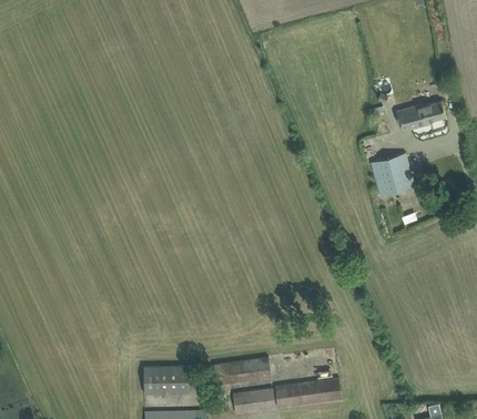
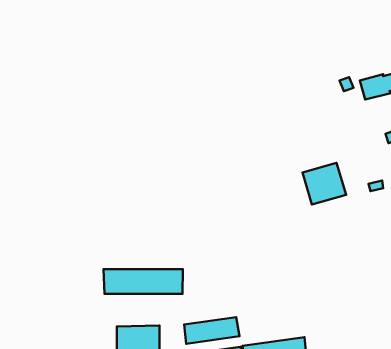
building: [369,153,415,196] -> [302,163,346,204]
building: none -> [104,269,183,294]

